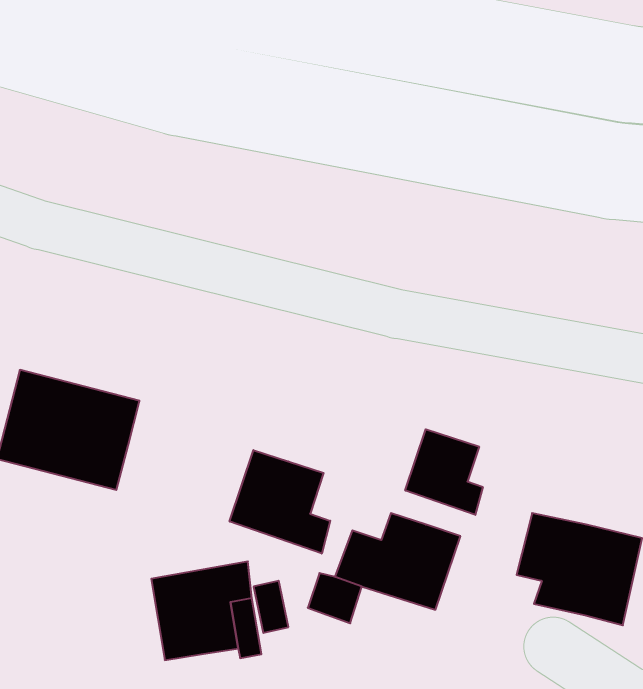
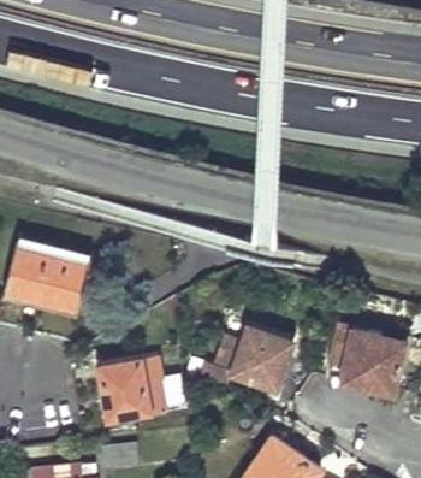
building: [405,429,483,515] -> none
building: [230,450,330,554] -> none

